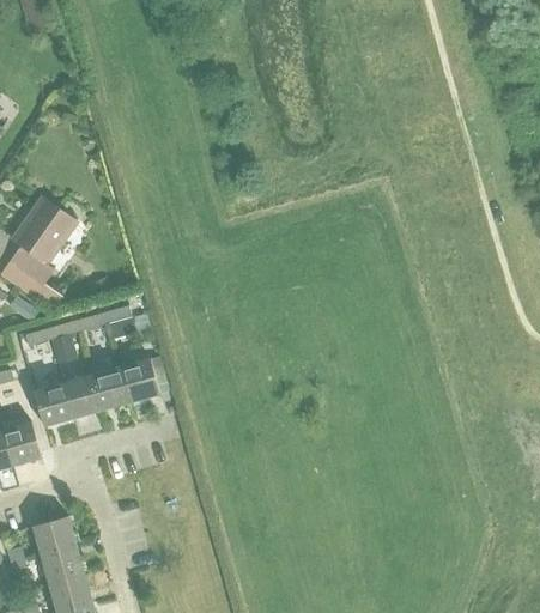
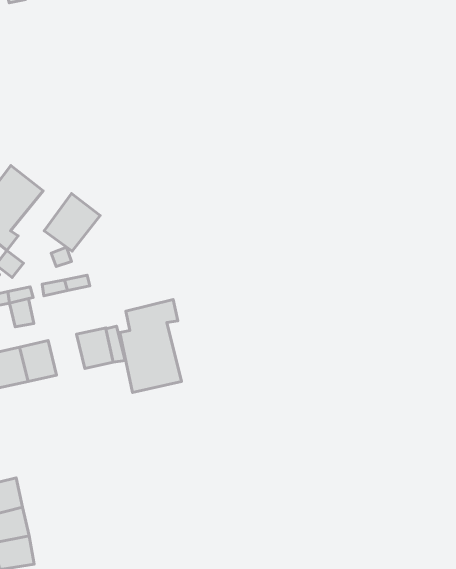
building: none -> [44,194,100,251]
building: none -> [120,300,181,392]
building: [91,366,131,409] -> none

